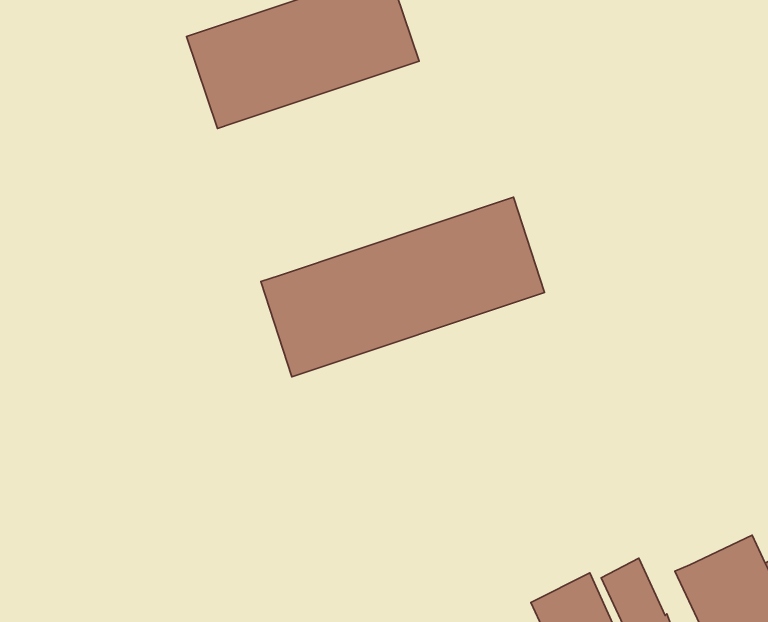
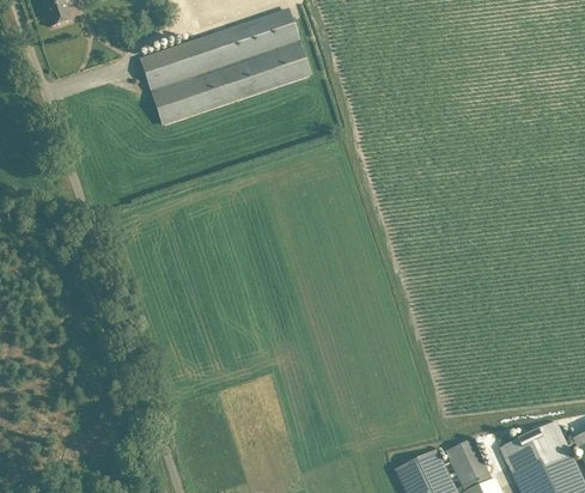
building: [261,197,544,377] -> none

